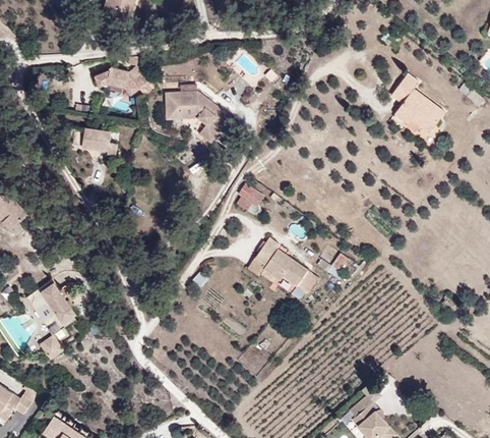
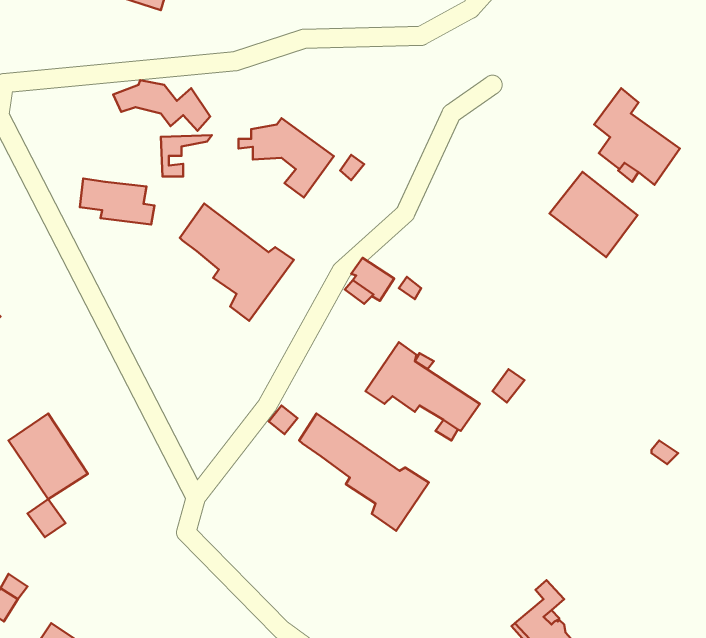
building: [165,91,197,117] -> [161,135,212,177]
building: none -> [549,172,637,257]
building: none -> [180,203,294,321]
building: none -> [299,413,429,531]

